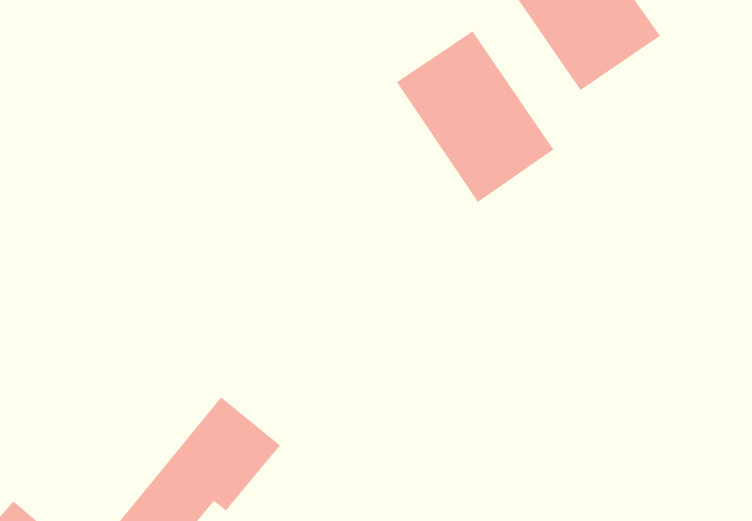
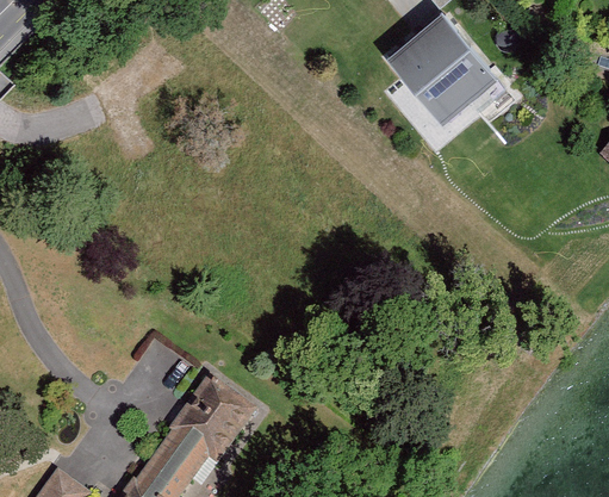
building: [396,30,554,203] -> none

